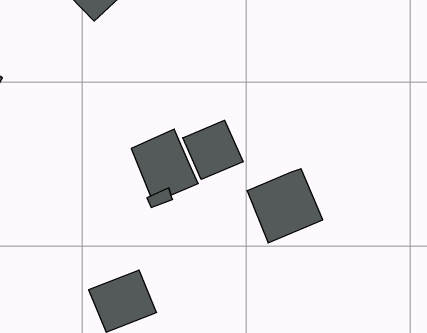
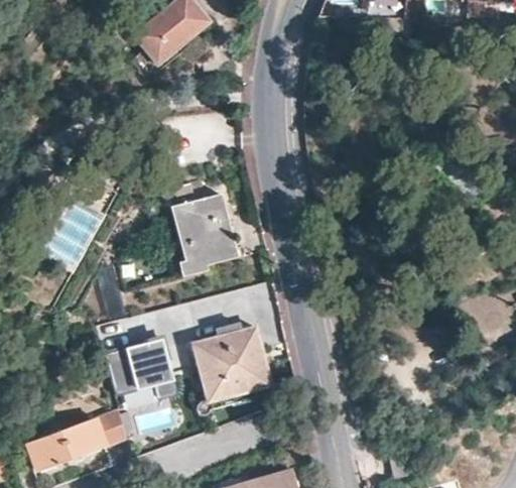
building: [183,120,243,179] -> none
building: [247,169,323,243] -> [196,327,272,401]

